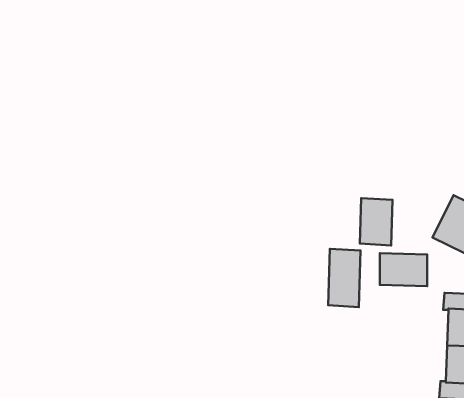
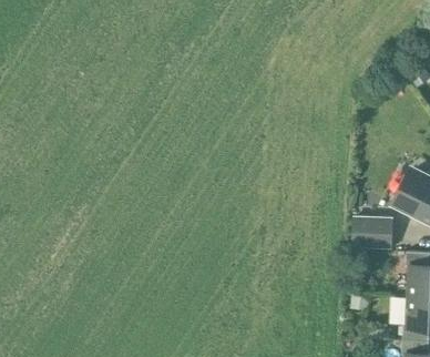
building: [360,198,392,245] -> none
building: [328,249,360,307] -> none

